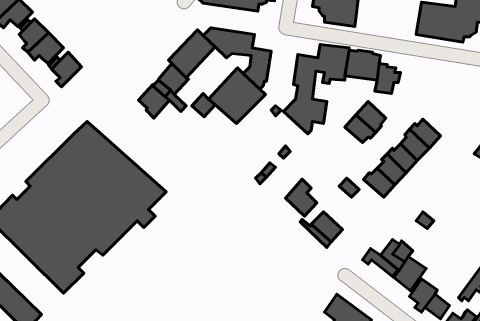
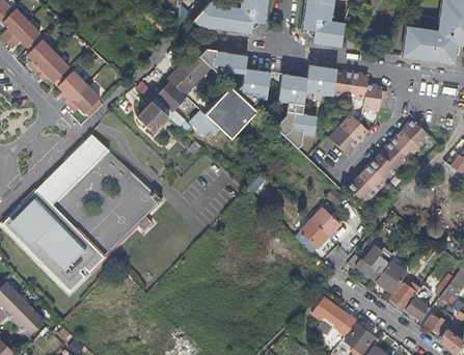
building: none -> [67,85,101,114]
building: none -> [404,120,432,149]
building: [286,179,317,216] -> [311,202,340,237]

